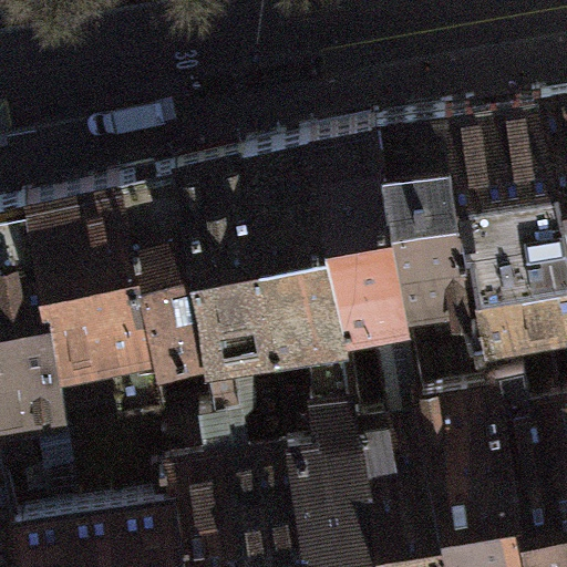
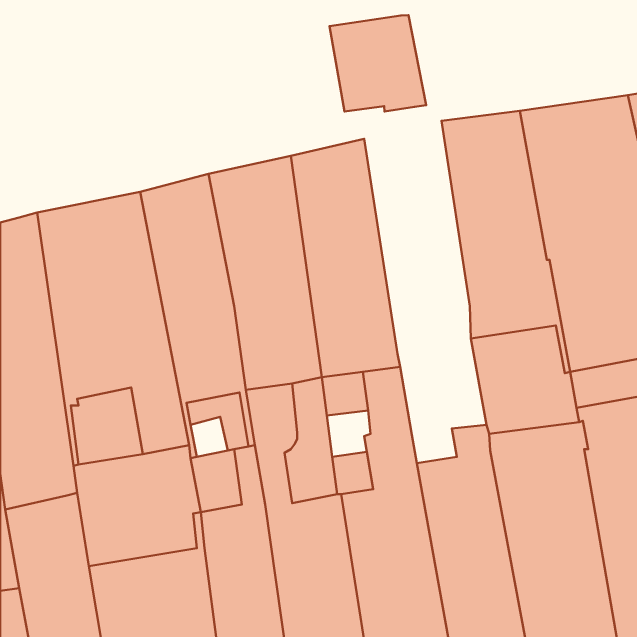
building: none -> [330,15,426,112]
building: [331,122,436,386] -> none

